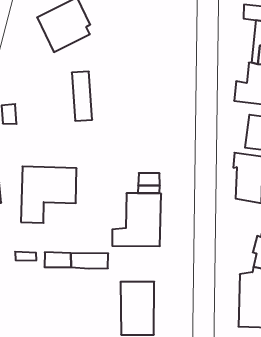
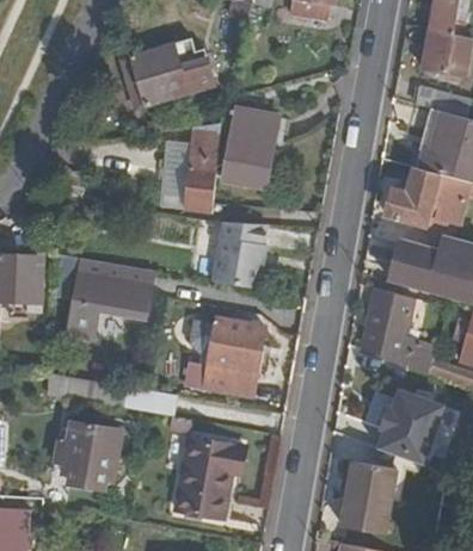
building: none -> [223,111,277,188]
building: none -> [185,122,221,212]
building: none -> [214,224,265,291]
building: none -> [56,423,121,489]

